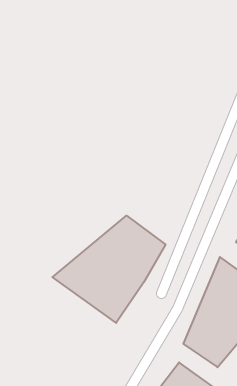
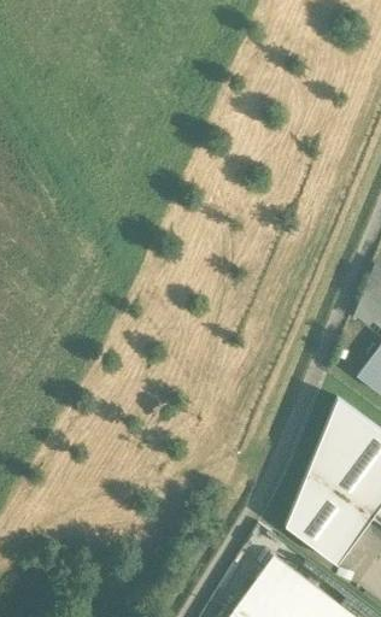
building: [52,216,166,323] -> none

